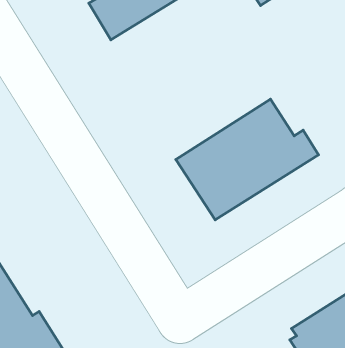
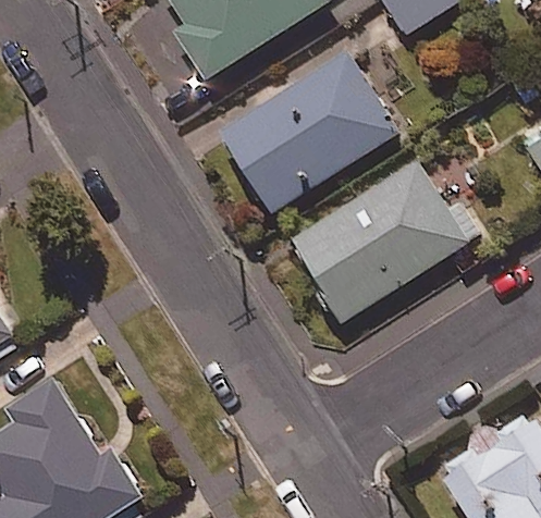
building: none -> [220,51,399,213]

